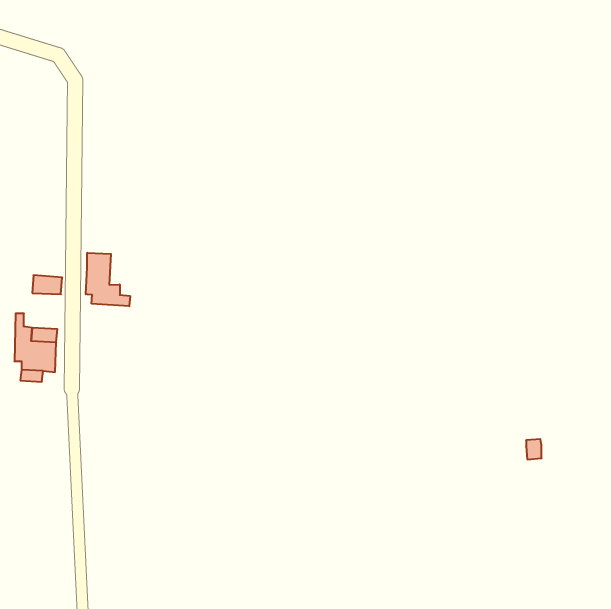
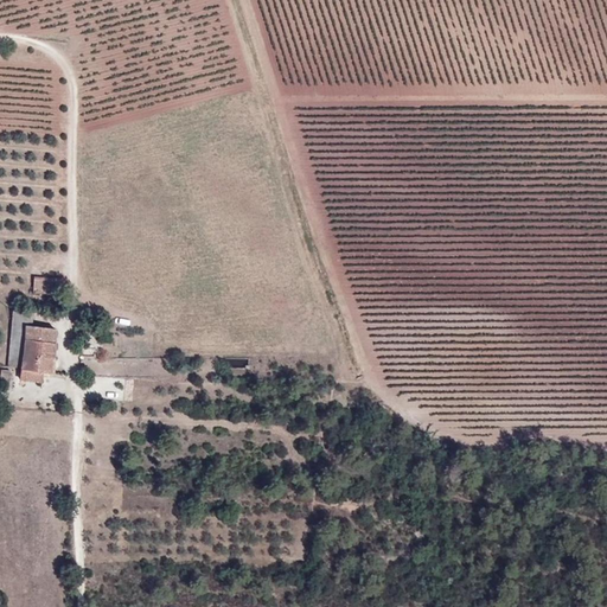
building: [86,253,130,306] -> none

